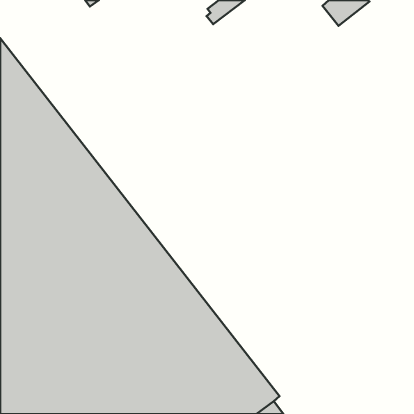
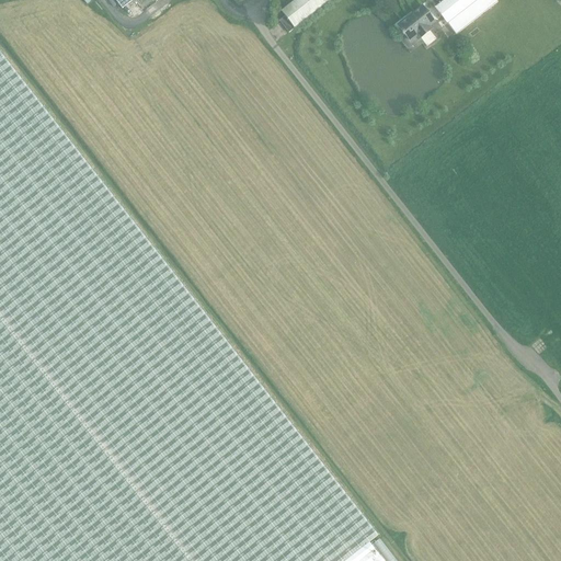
building: none -> [398,8,433,41]

